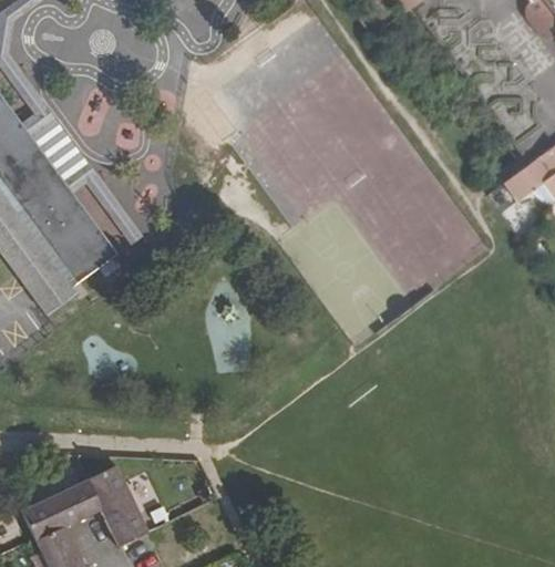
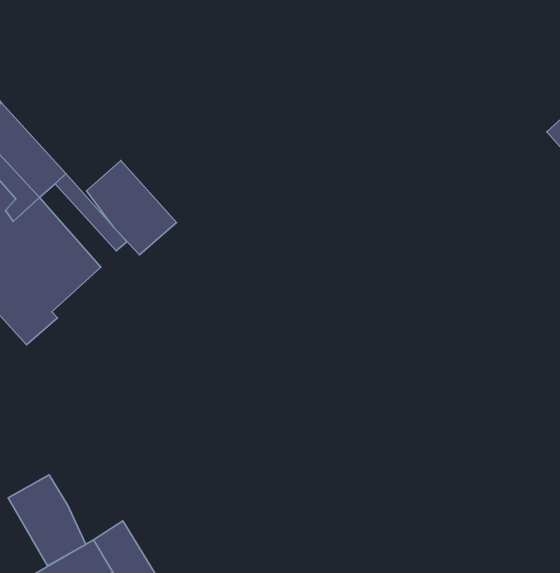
building: none -> [87,161,177,255]
building: none -> [8,475,86,566]

